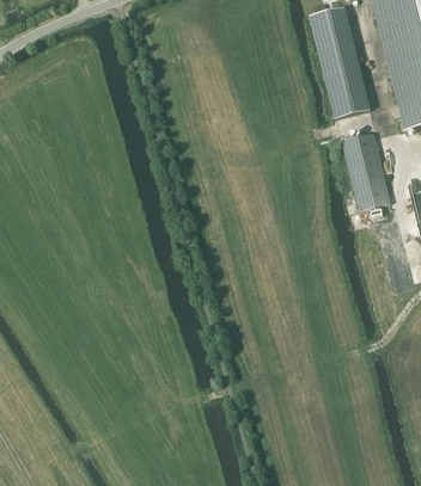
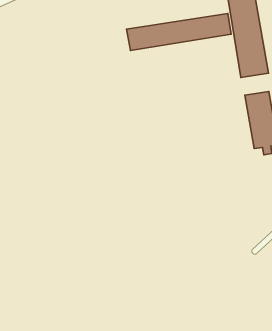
building: none -> [127,14,231,51]

